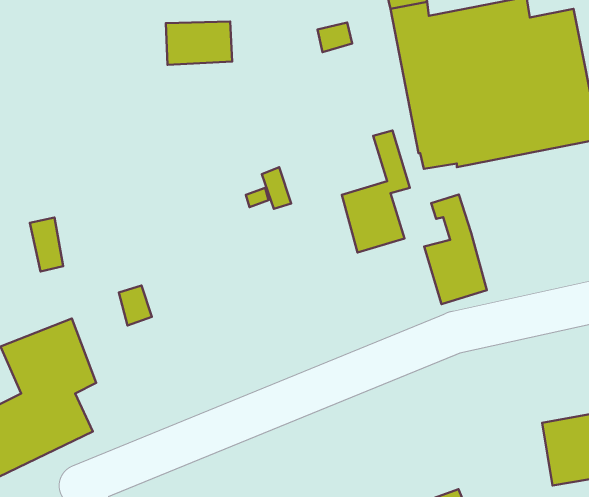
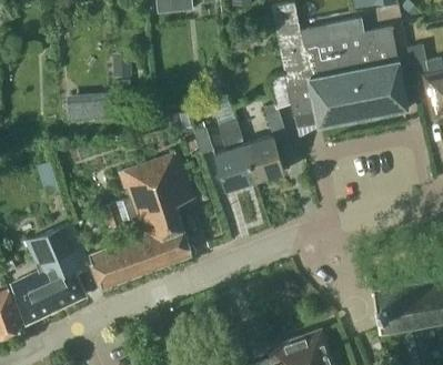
building: [166,21,232,65] -> [73,91,115,119]
building: [424,194,487,304] -> [214,121,254,191]
building: none -> [89,152,193,290]

